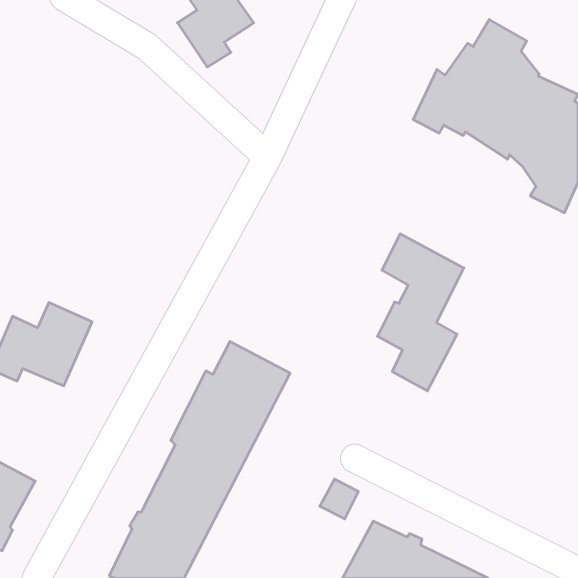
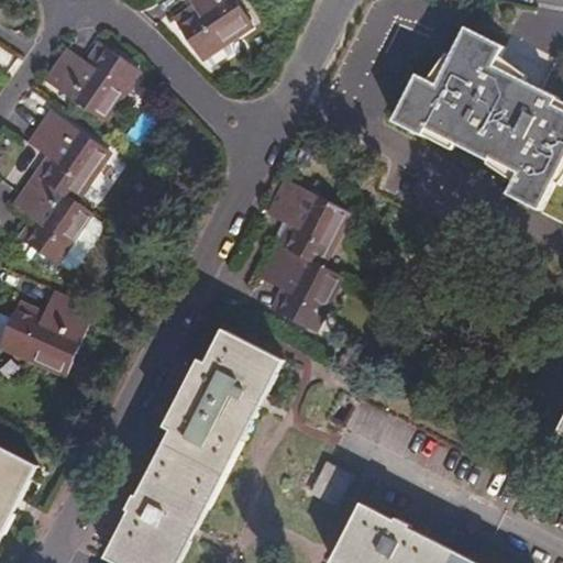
building: none -> [41,47,143,120]
building: none -> [10,112,102,272]
building: [377,234,464,391] -> [261,178,344,330]

